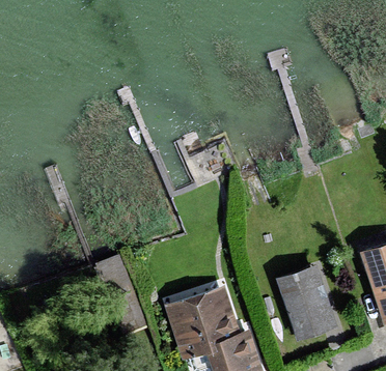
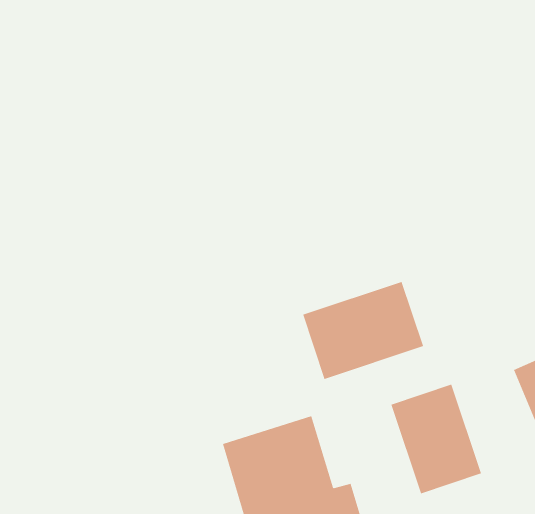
building: none -> [302,281,424,380]

